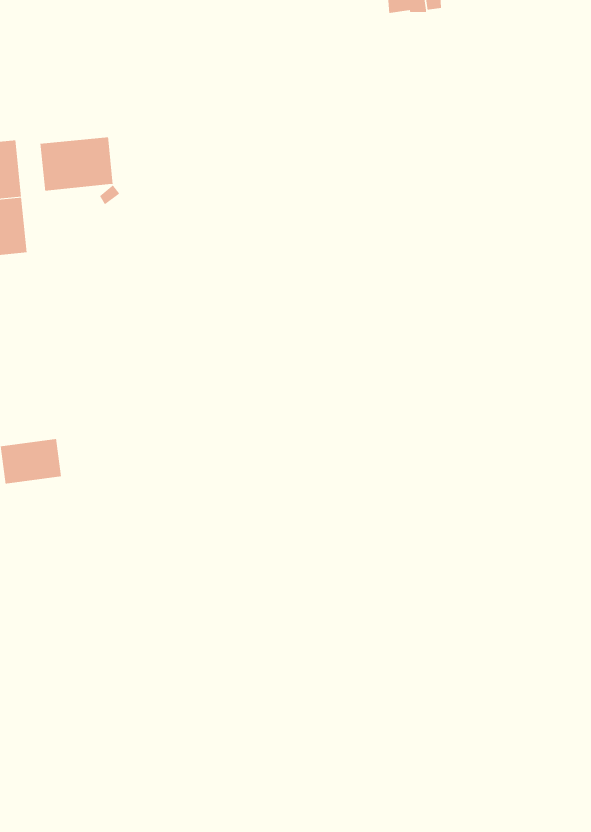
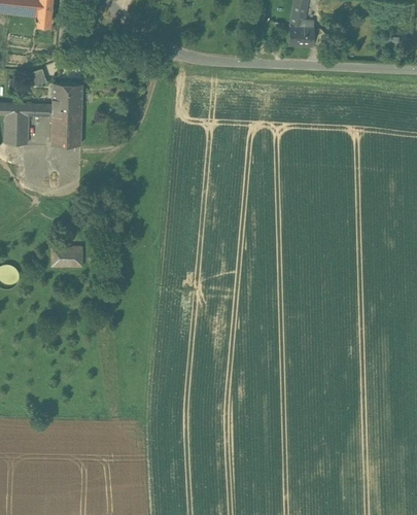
building: [40,136,113,192] -> none

